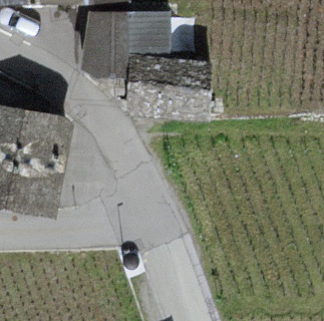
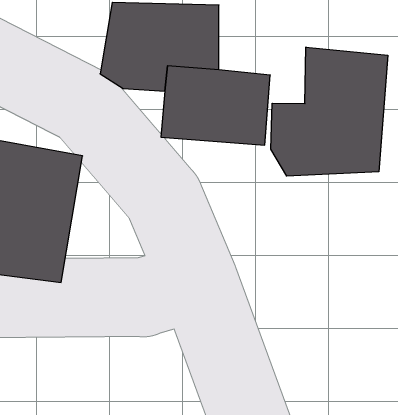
building: none -> [271,47,388,176]

